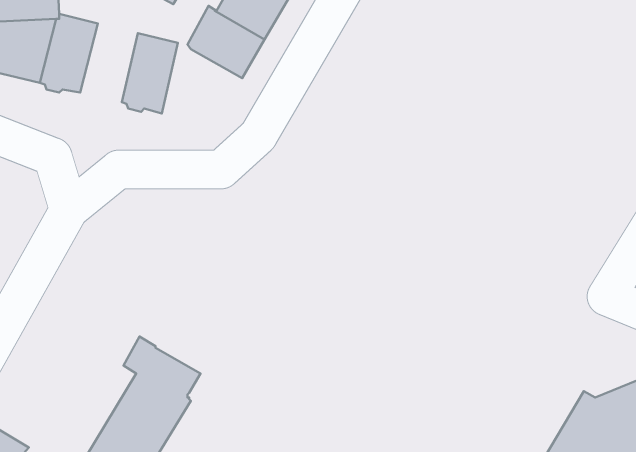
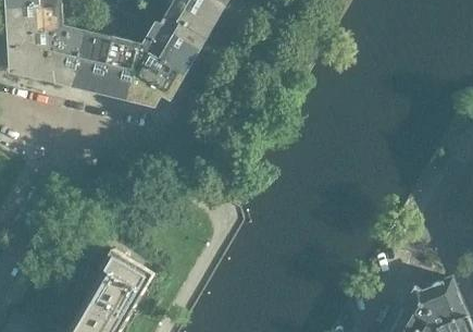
building: none -> [73,36,112,89]
building: none -> [128,49,183,102]

